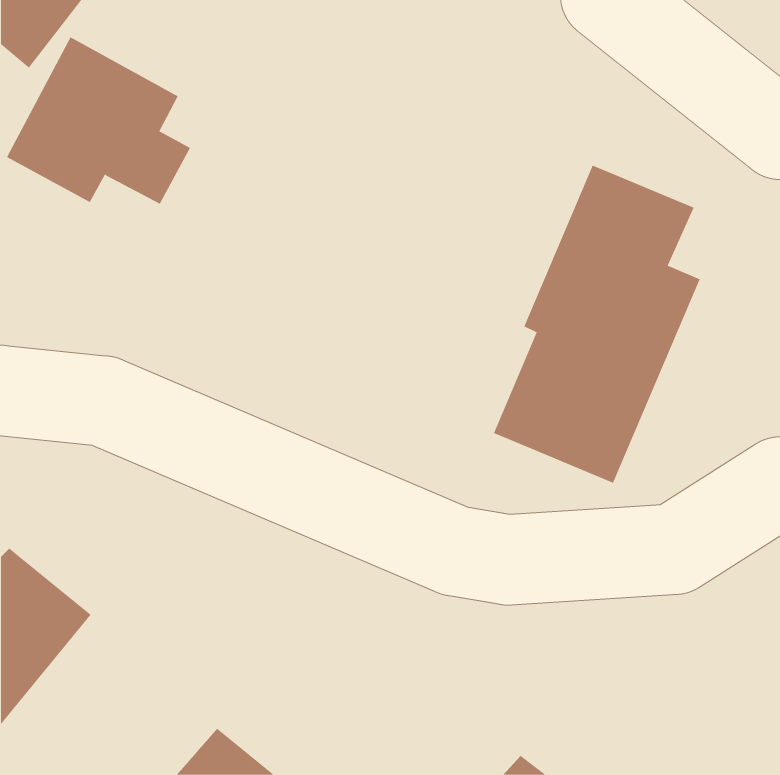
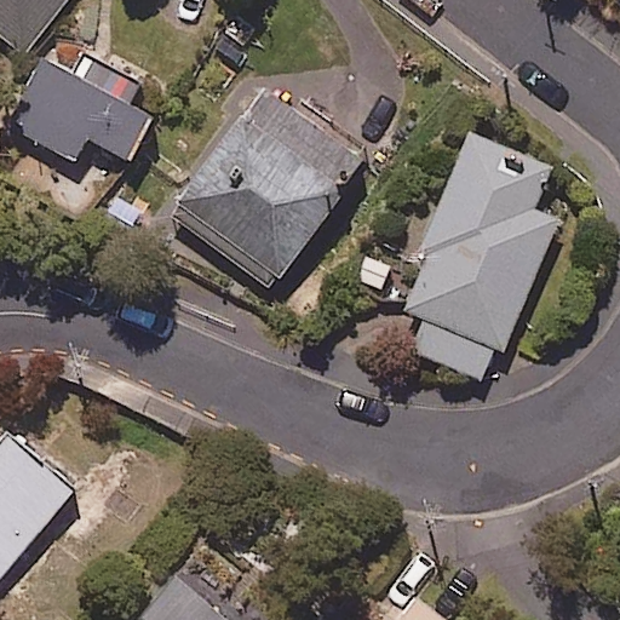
building: none -> [167,84,368,291]

